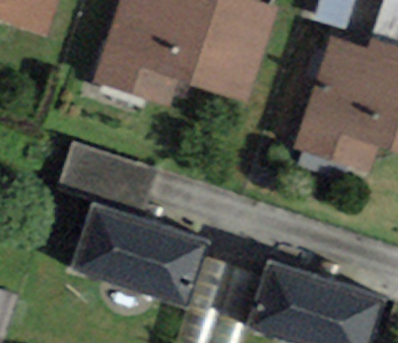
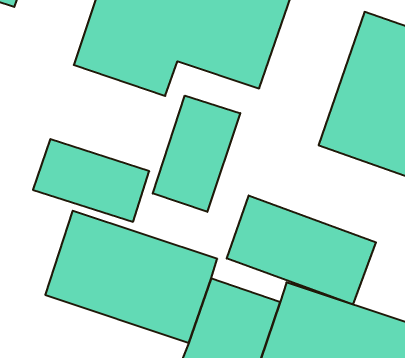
building: none -> [153,96,240,212]
building: none -> [227,195,376,304]

